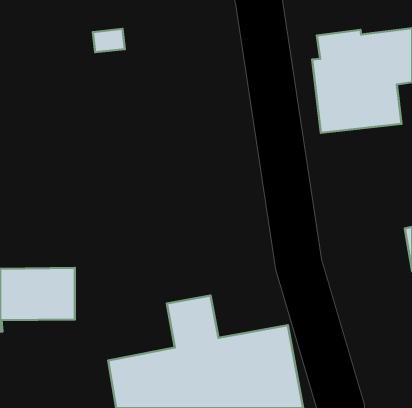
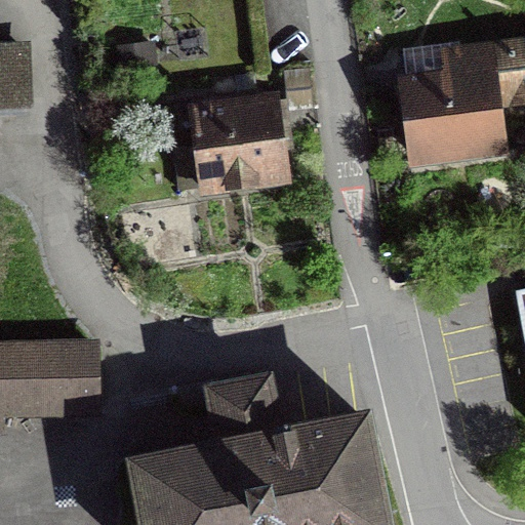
building: none -> [171,63,315,199]

